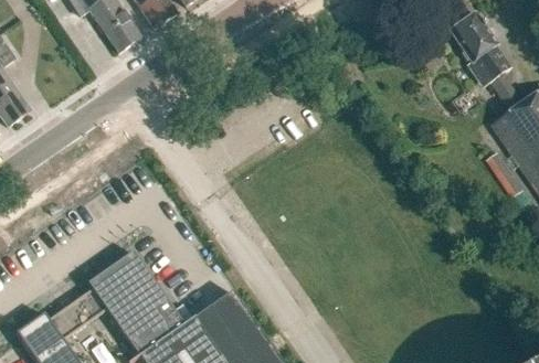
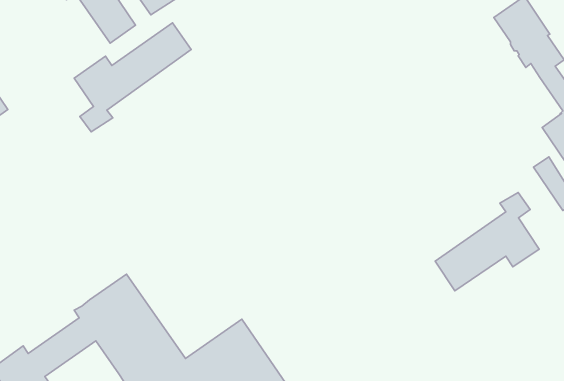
building: none -> [74,23,191,132]
building: none -> [435,192,539,291]

